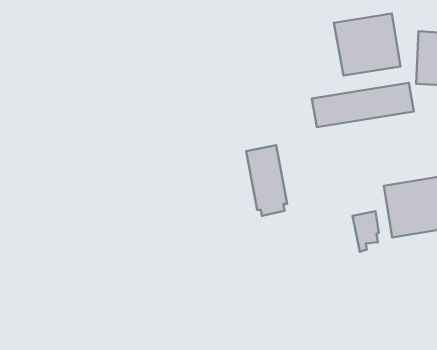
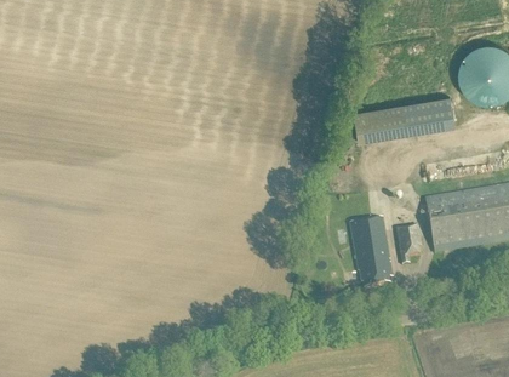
building: [334,14,400,76] -> none
building: [246,145,287,216] -> [350,218,391,290]

